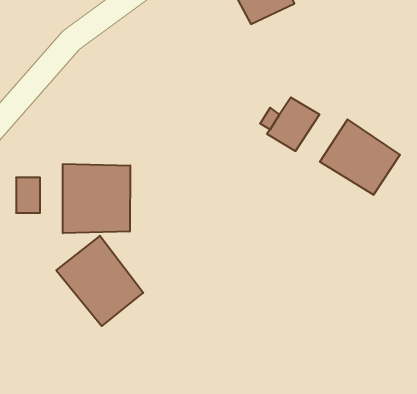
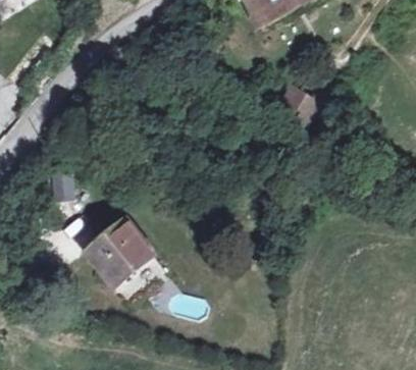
building: [320,119,400,195] -> none
building: [63,164,130,233] -> none

